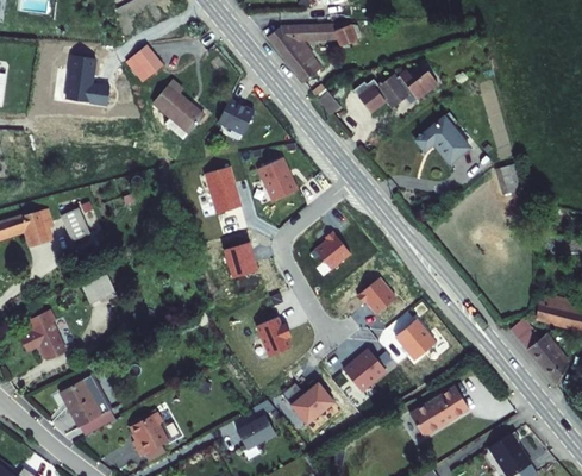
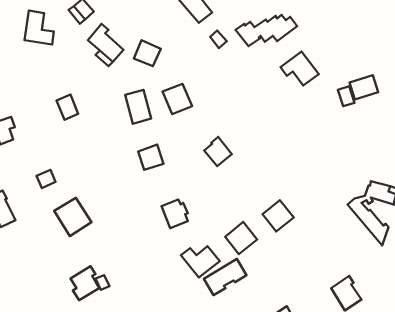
building: none -> [349,75,378,99]
building: [62,202,92,237] -> [57,95,78,120]
building: [357,280,395,315] -> none
building: [58,376,109,428] -> [54,198,91,236]
building: [415,380,474,430] -> [204,259,247,295]
building: [229,408,267,443] -> none

